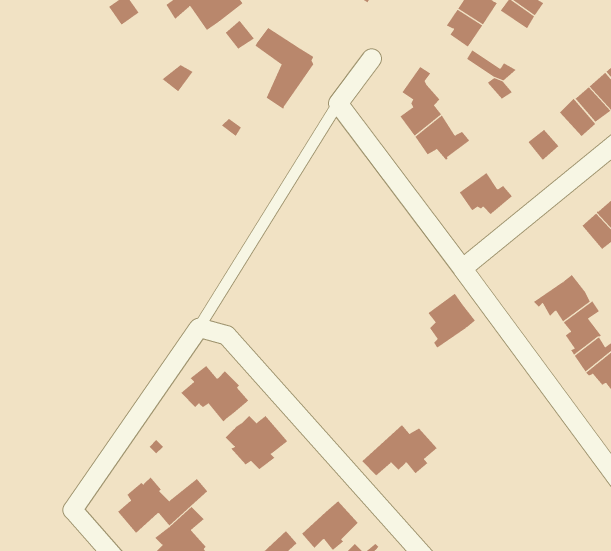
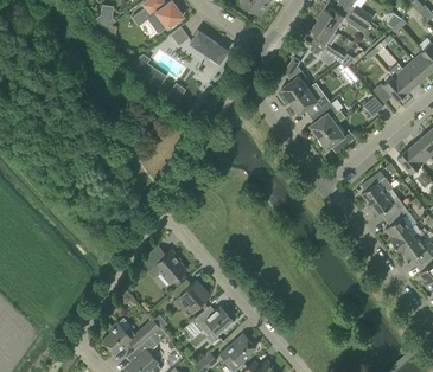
building: none -> [310,101,345,136]
building: [427,293,476,348] -> [361,171,391,206]
building: [361,424,438,476] -> [183,304,231,338]

